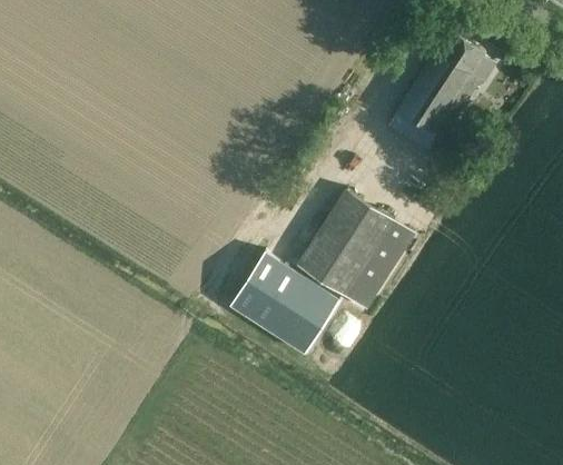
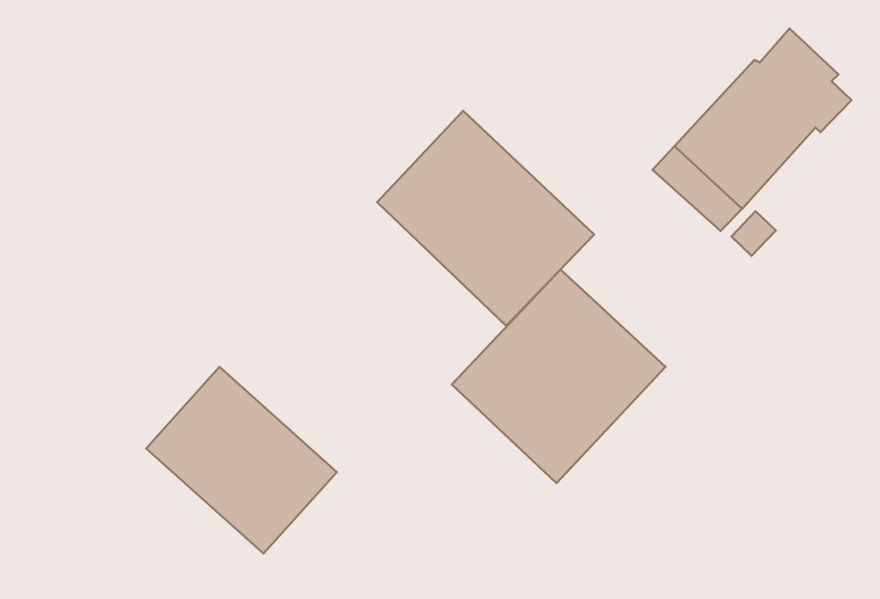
building: none -> [377,111,594,326]
building: [229,251,339,353] -> [146,367,337,554]

